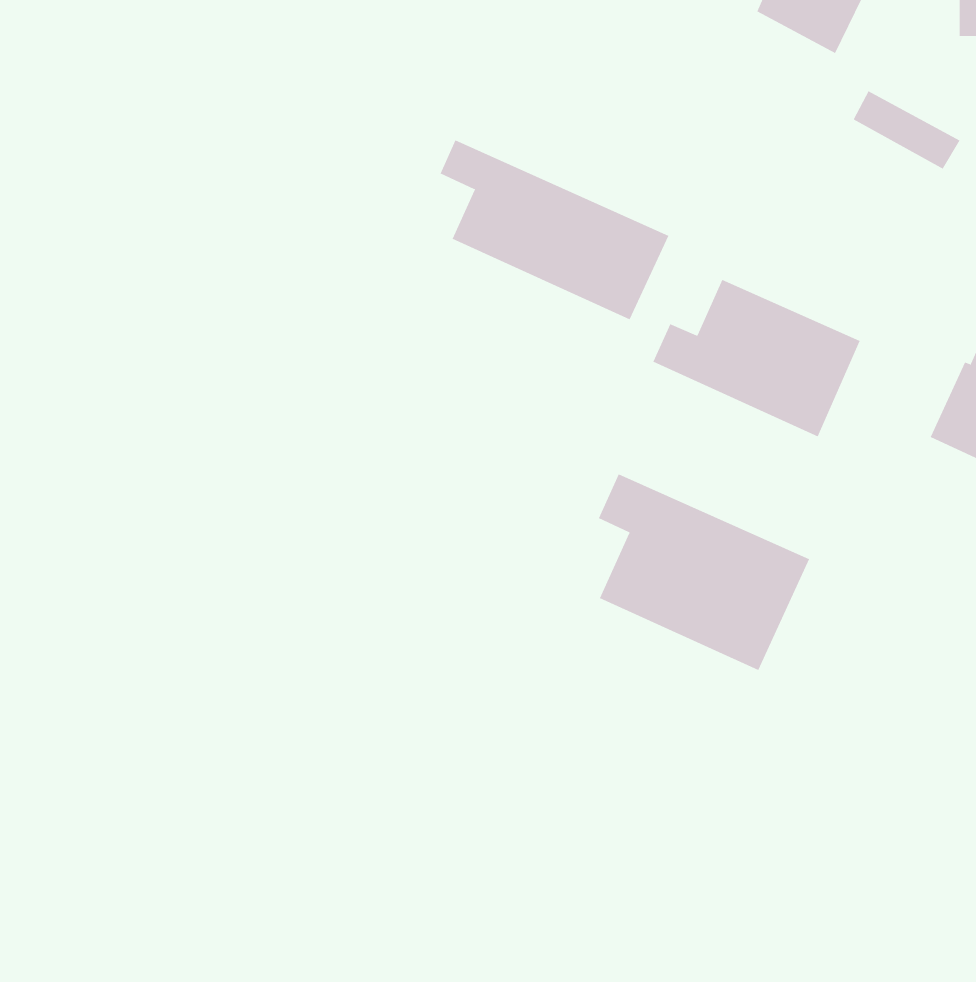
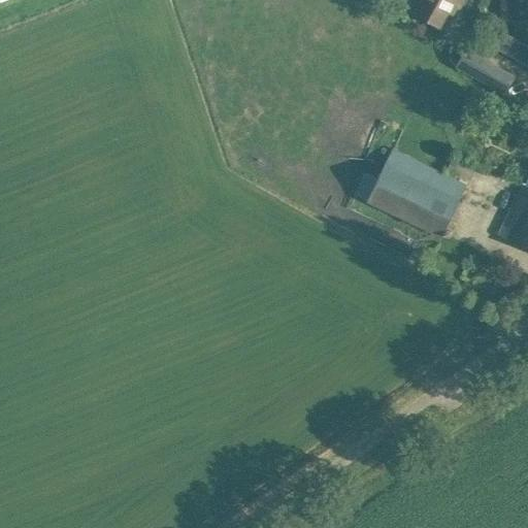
building: [440,140,669,320] -> none
building: [598,473,810,671] -> none

